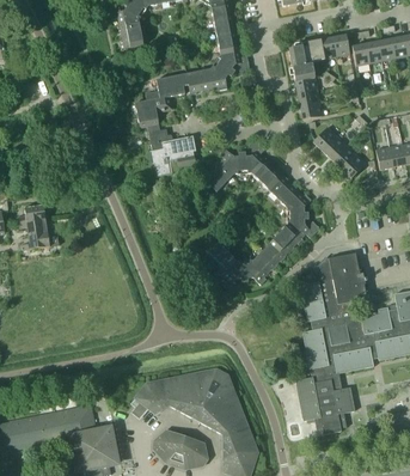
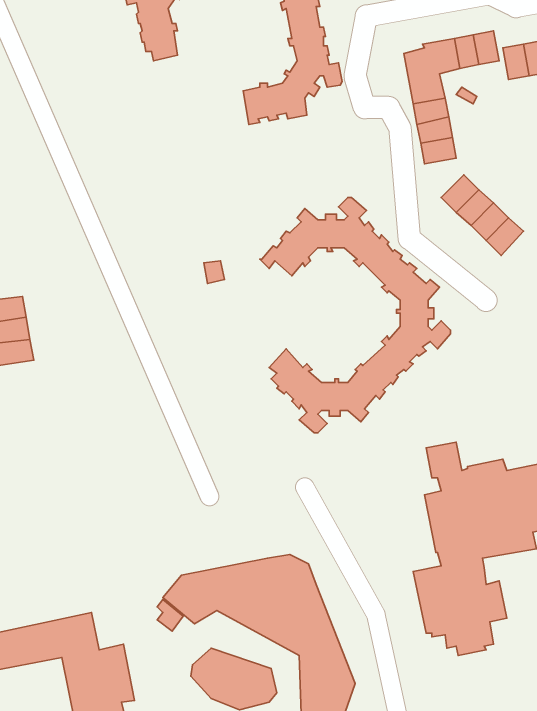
building: [134,74,195,176] -> none
building: [299,252,366,316] -> none

